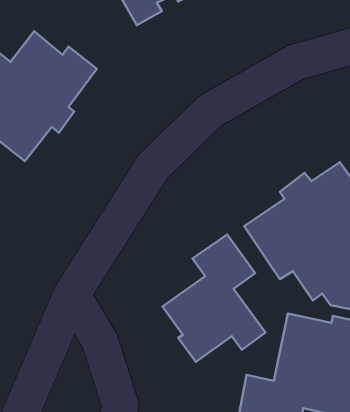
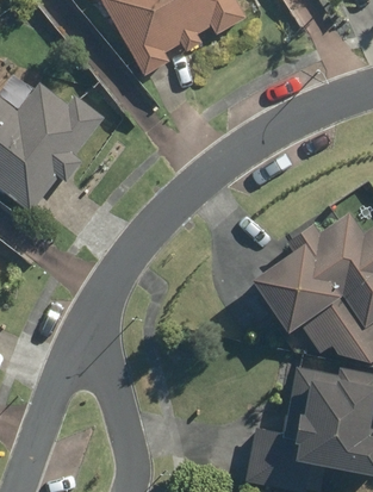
building: [162,235,266,362] -> none

